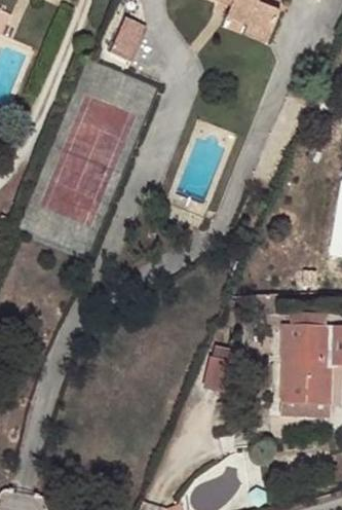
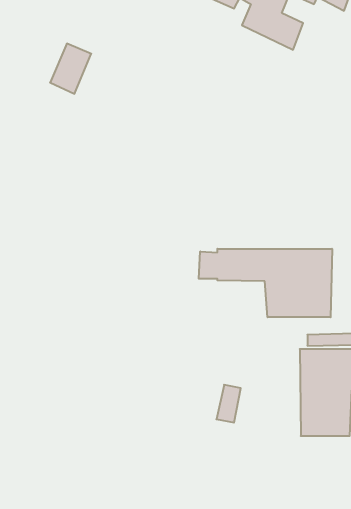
building: [111,17,149,64] -> [50,44,91,94]
building: none -> [199,249,332,317]

